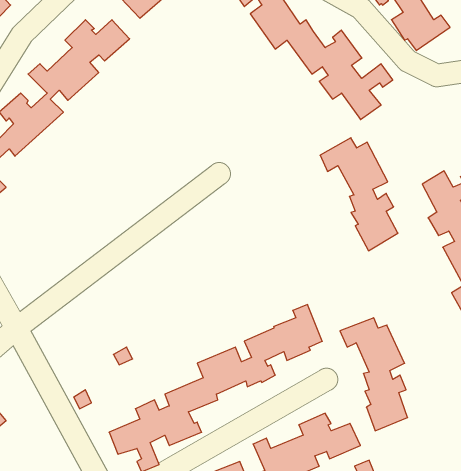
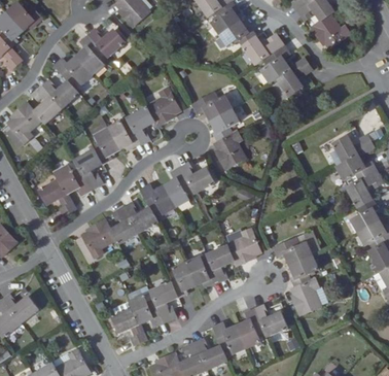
building: none -> [39,86,181,215]
building: [320,138,398,251] -> [191,90,246,169]
building: none -> [80,161,214,258]

